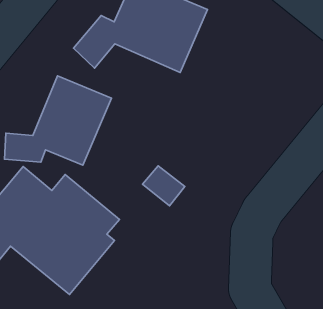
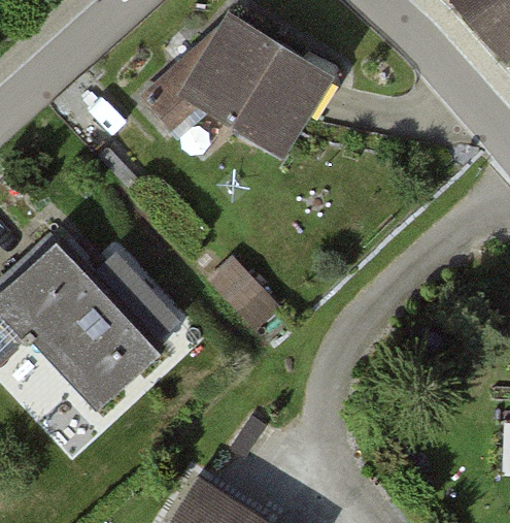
building: [4,76,111,165] -> none

